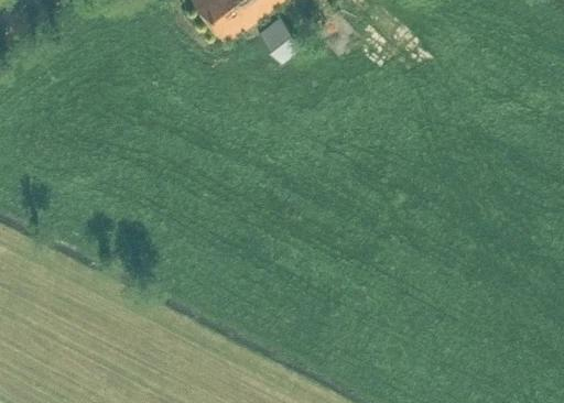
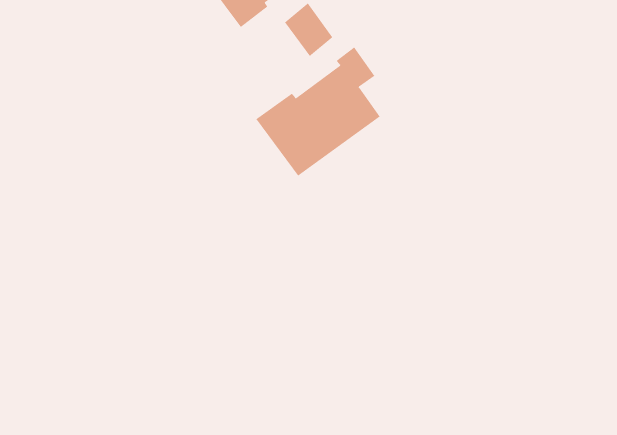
building: none -> [255,47,380,176]

